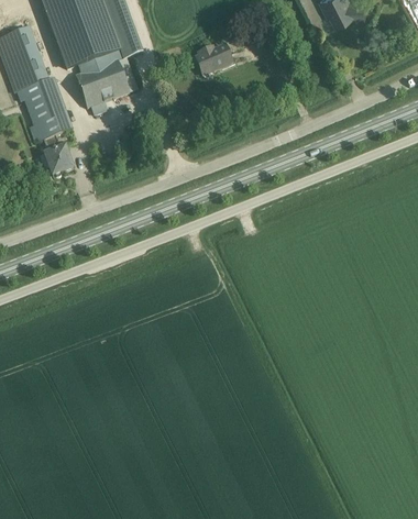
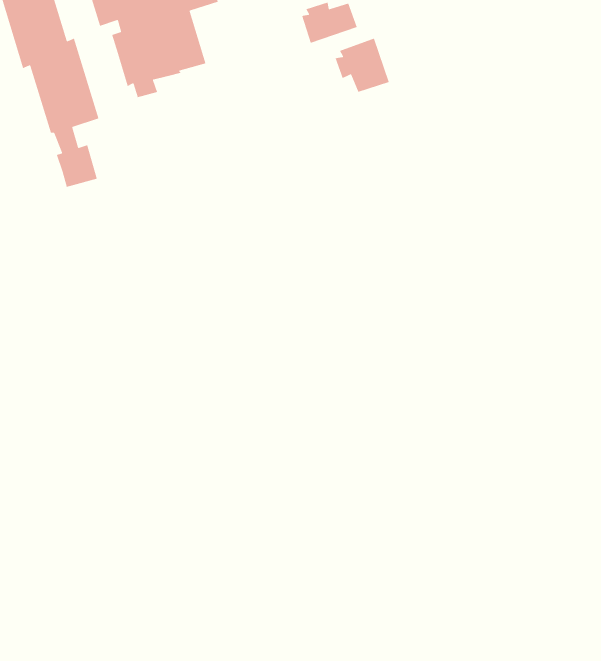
building: none -> [334,37,390,93]

